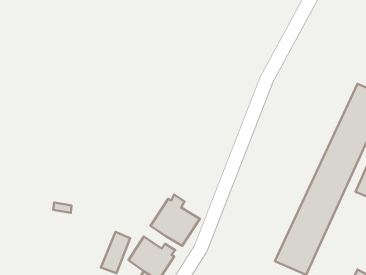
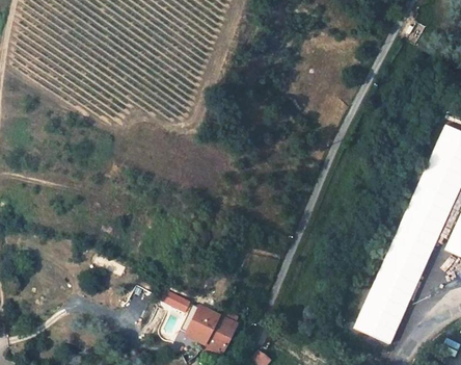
building: [150,195,200,246] -> none

